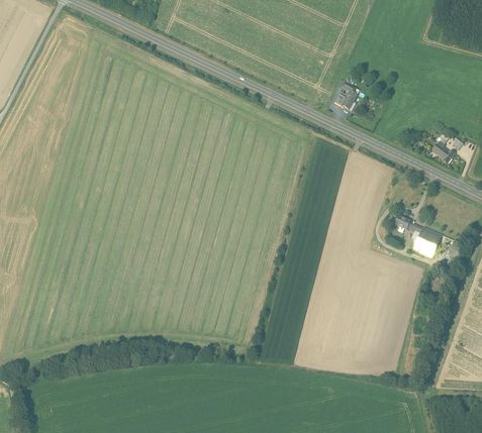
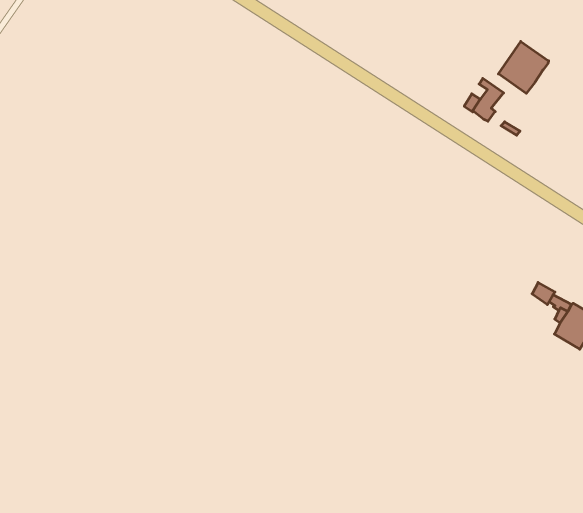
building: none -> [498,41,549,93]

